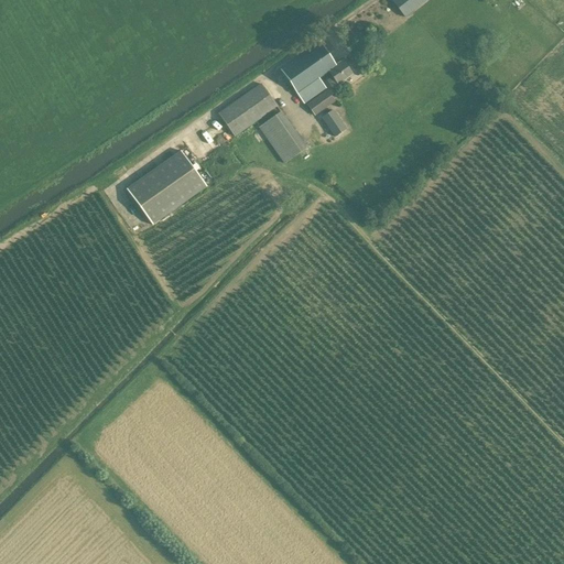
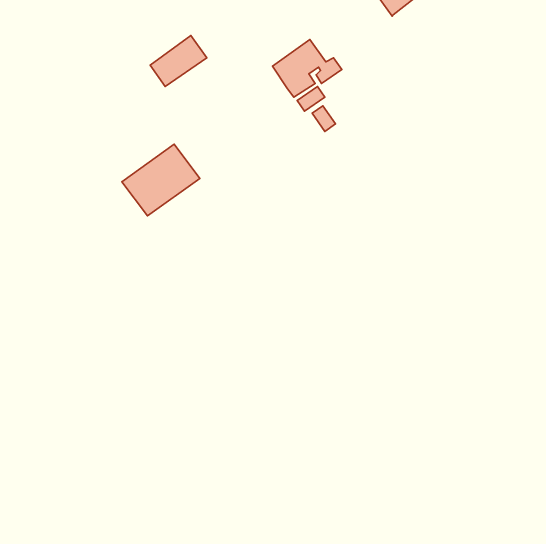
building: [218,82,276,134] -> [150,35,207,87]
building: [258,110,306,162] -> none

